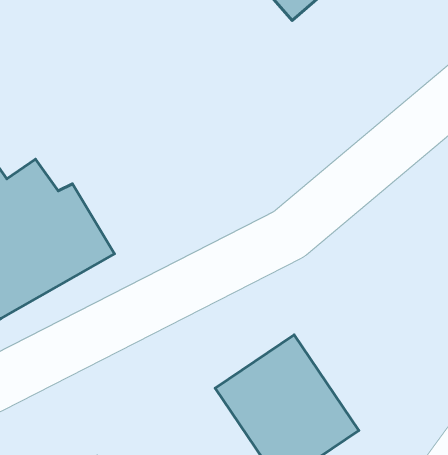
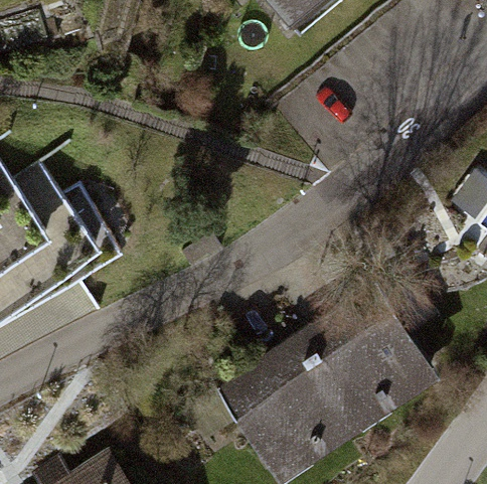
building: none -> [293,283,434,429]

